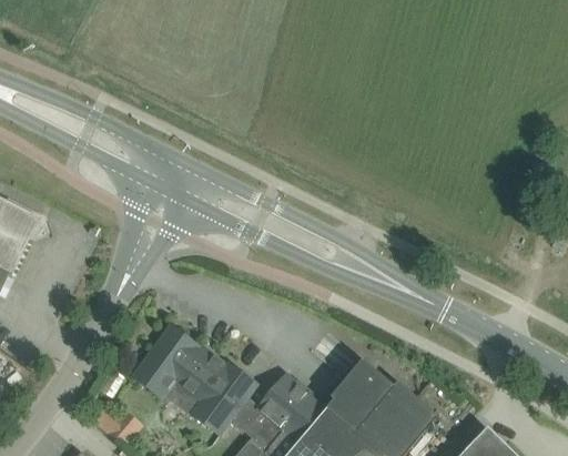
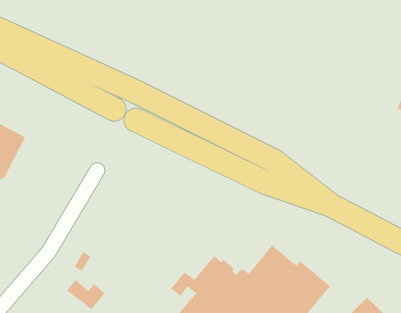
building: [133,328,254,438] -> none

